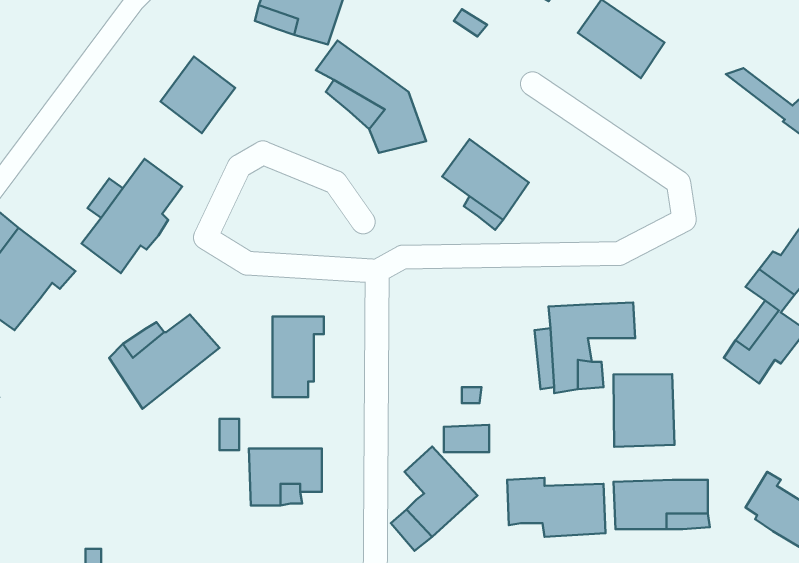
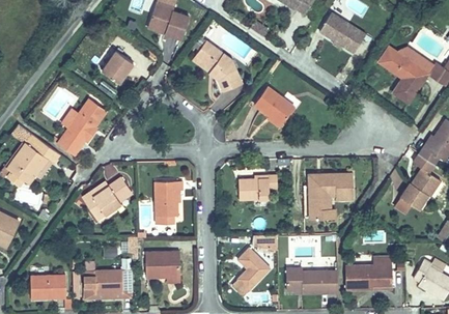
building: none -> [376,44,430,105]
building: none -> [236,172,279,200]
building: [613,374,674,447] -> none
building: none -> [80,269,129,301]
building: none -> [23,275,60,302]

